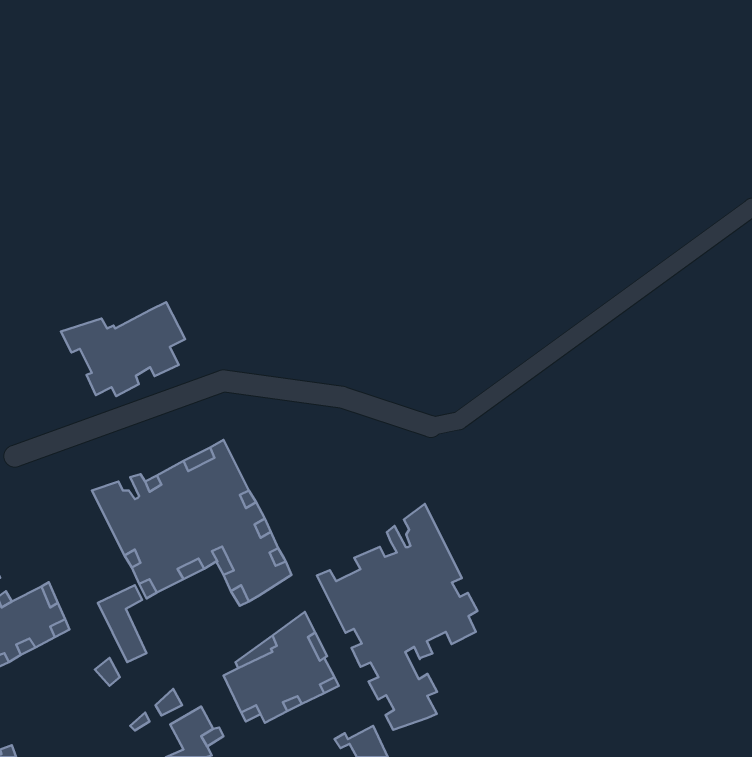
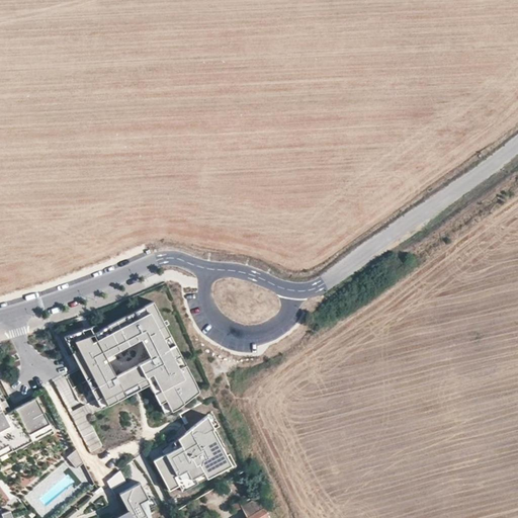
building: [61,302,185,396] -> none
building: [317,504,477,730] -> none

